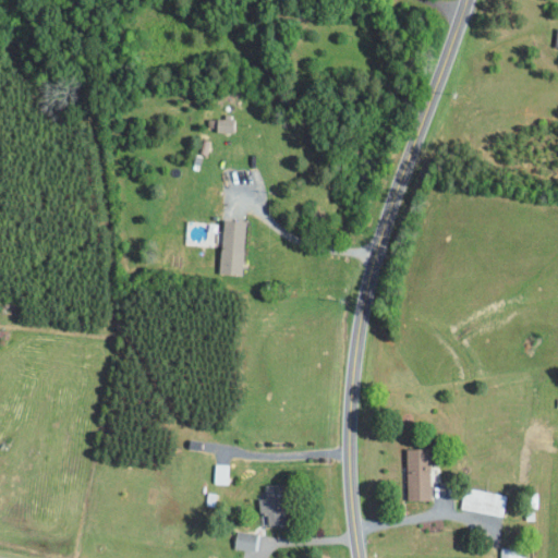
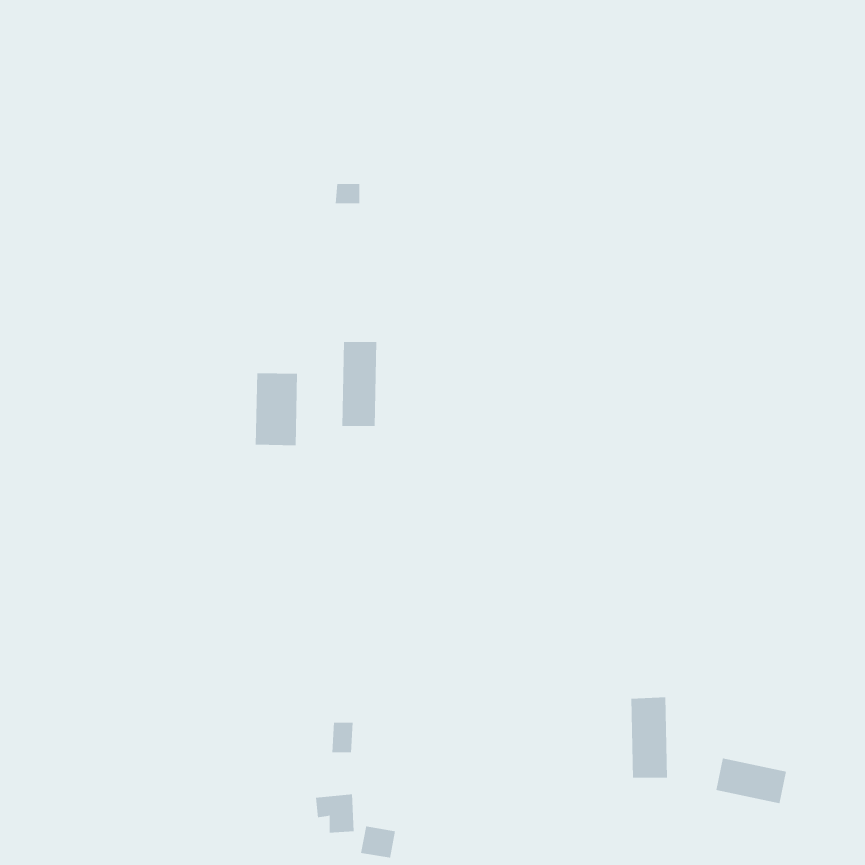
building: none -> [255,372,298,446]
building: [258,500,283,525] -> [315,794,354,833]

